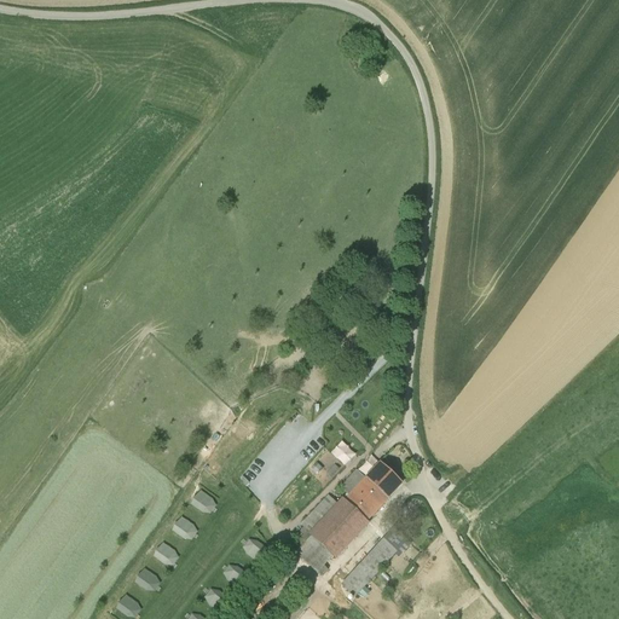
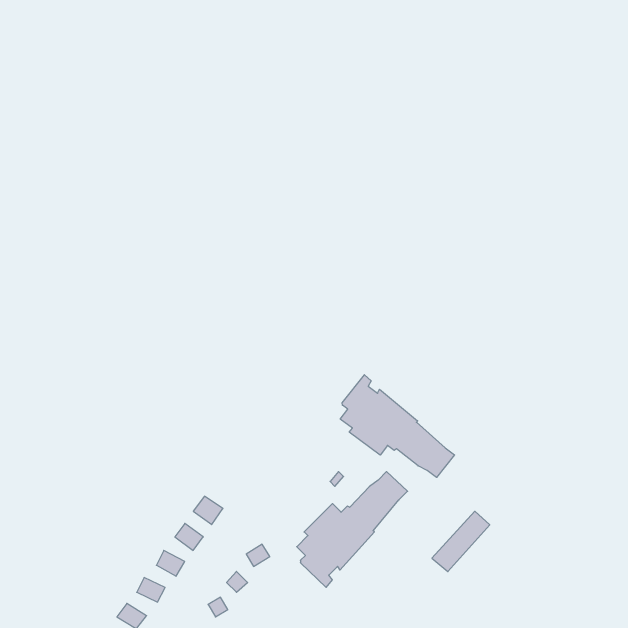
building: none -> [340,375,455,477]
building: [339,538,395,597] -> [432,511,490,572]

